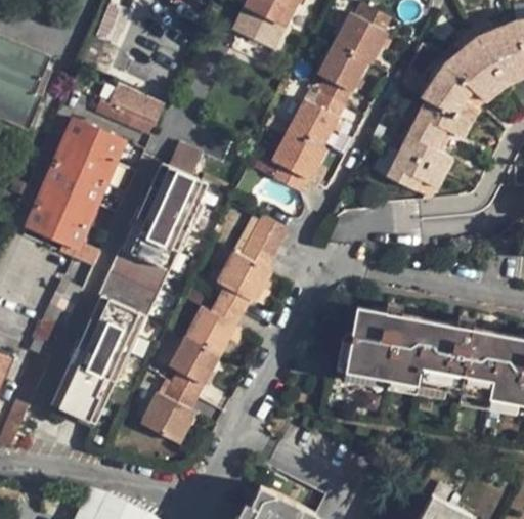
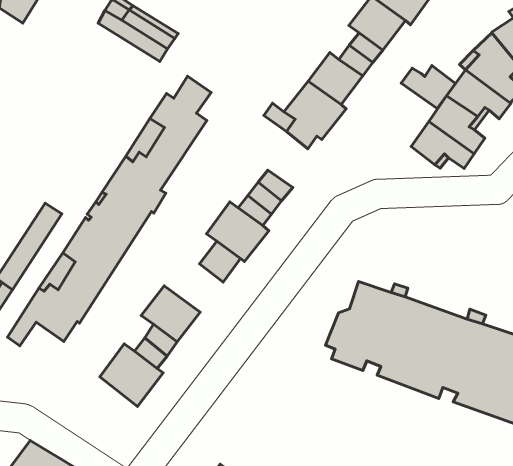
building: none -> [401,66,456,109]
building: [29,119,124,263] -> none
building: [186,304,238,352] -> none
building: [66,384,104,421] -> none

